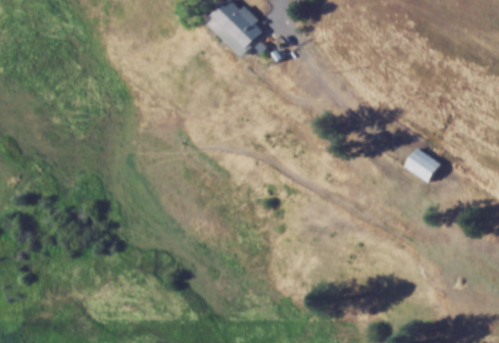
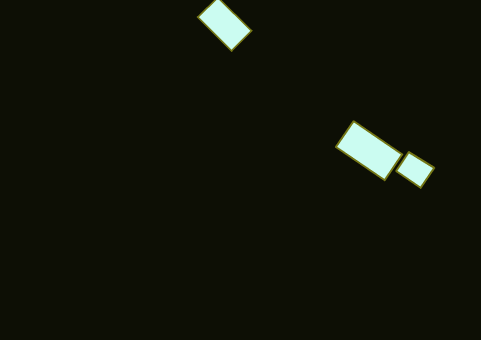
building: none -> [336,121,402,180]

